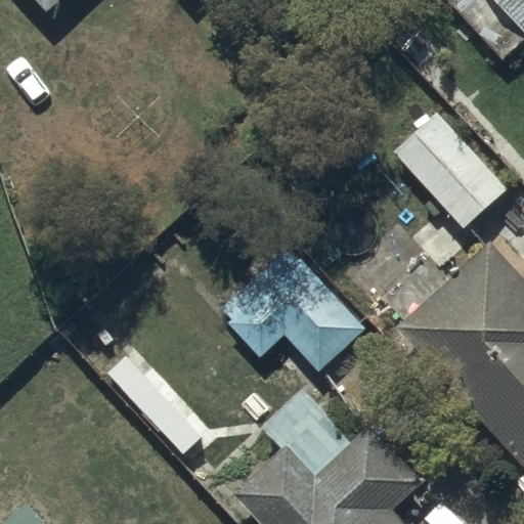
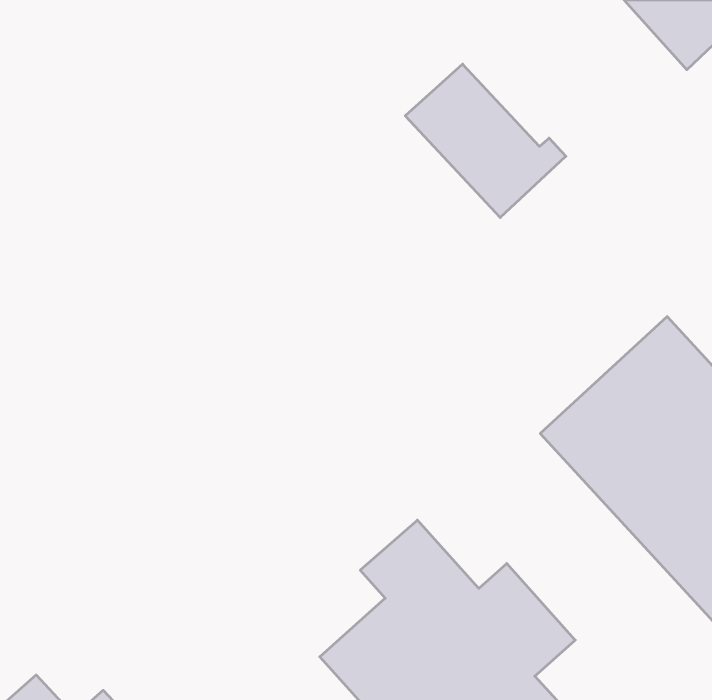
building: [395,115,513,227] -> [405,64,566,218]
building: [221,248,366,374] -> none

